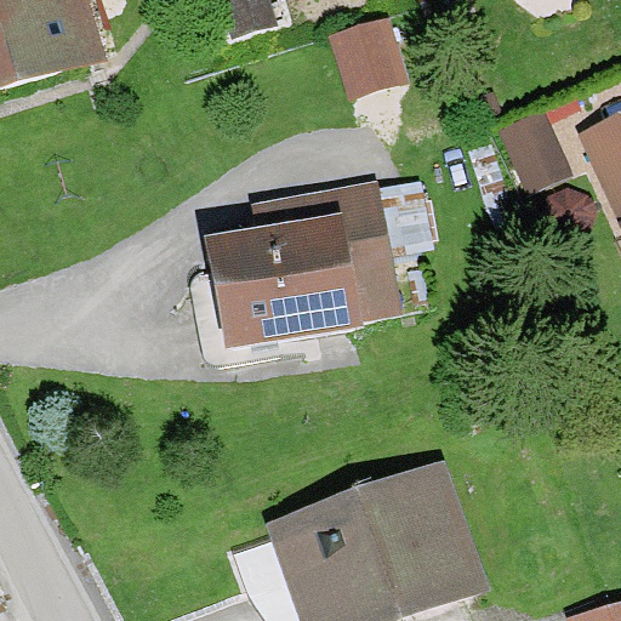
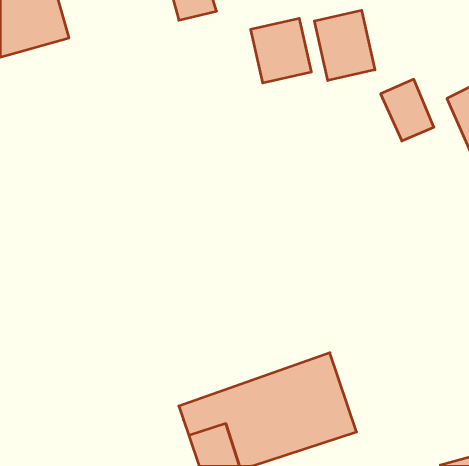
building: none -> [314,10,375,81]
building: [217,186,388,341] -> none

